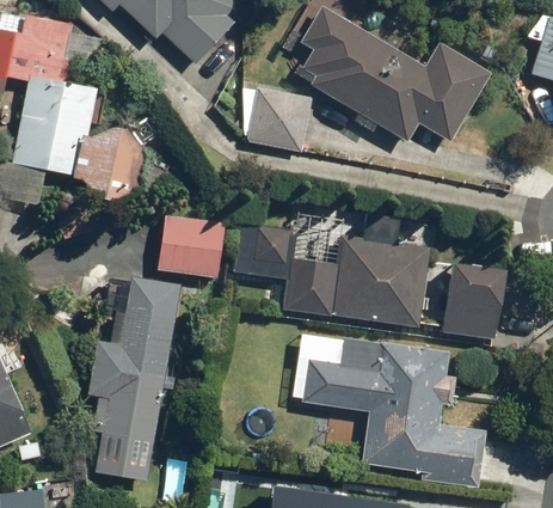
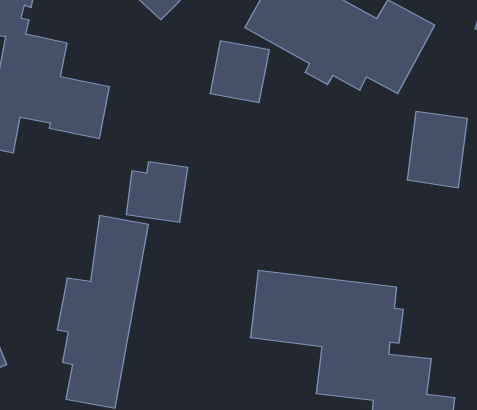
building: [231,208,428,326] -> none
building: [443,259,508,341] -> [407,112,467,188]

